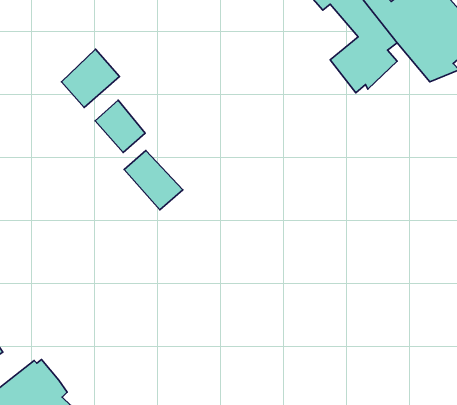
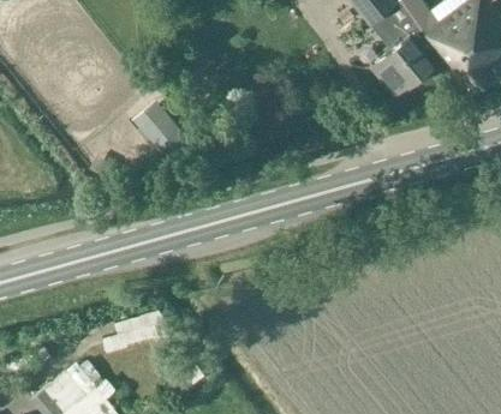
building: [62,49,120,108] -> none
building: [124,150,183,210] -> none

